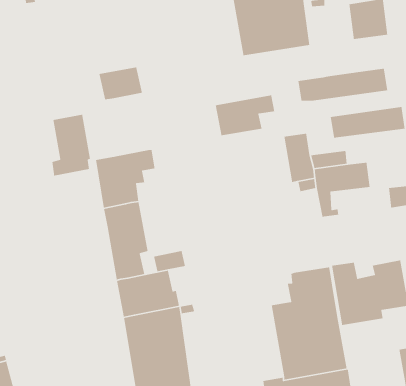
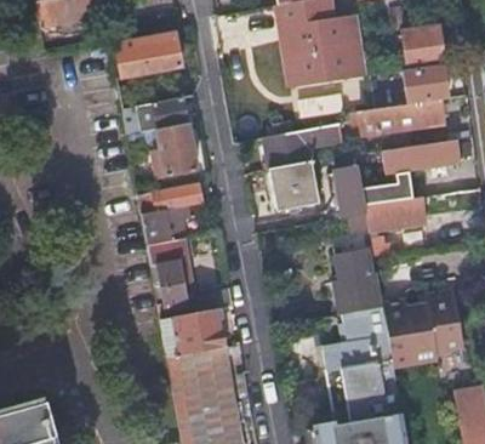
building: none -> [118,39,181,76]
building: none -> [403,64,449,103]
building: [51,114,91,176] -> [155,125,196,190]
building: none -> [269,163,320,211]
building: none -> [333,246,383,313]

